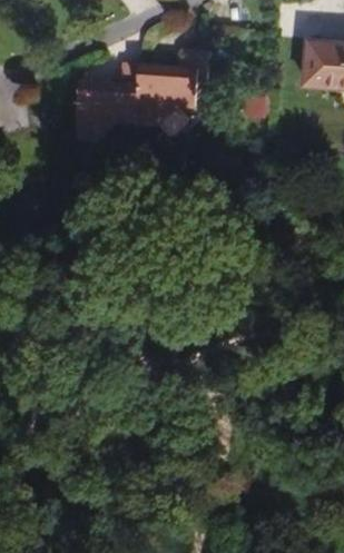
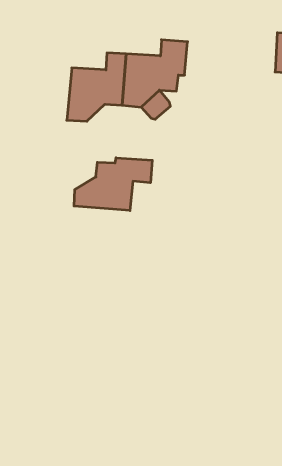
building: none -> [74,158,152,211]

